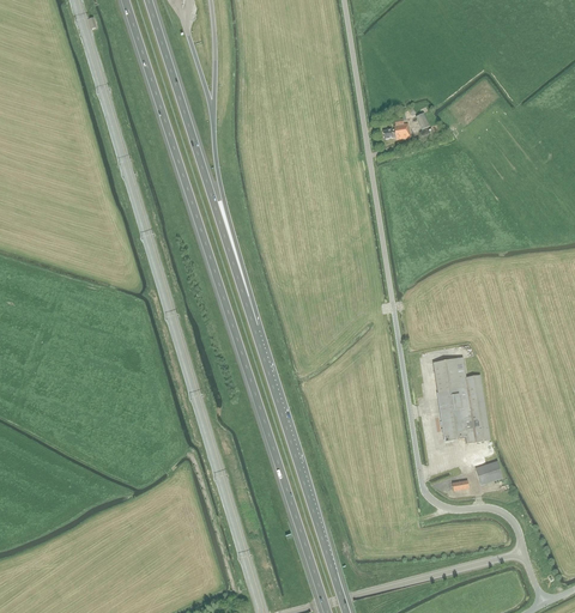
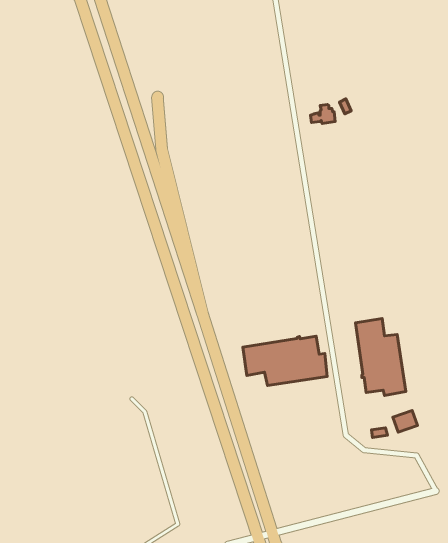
building: none -> [243,336,327,385]

